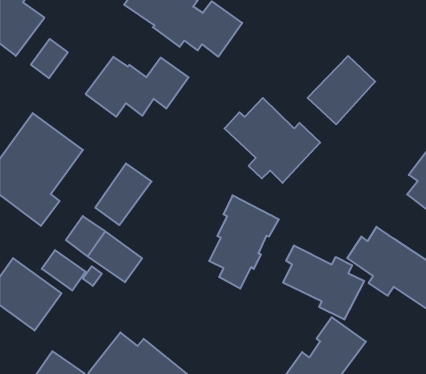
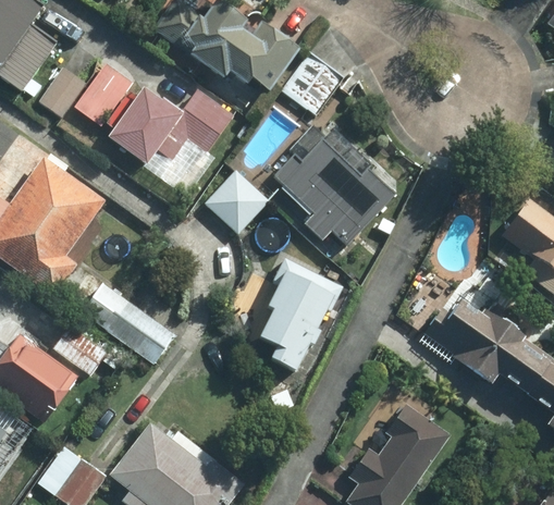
building: none -> [285,53,343,112]
building: none -> [72,62,132,123]
building: [308,56,375,124] -> none
building: none -> [207,171,268,231]
building: [95,163,152,225] -> none
building: [283,245,364,320] -> none

